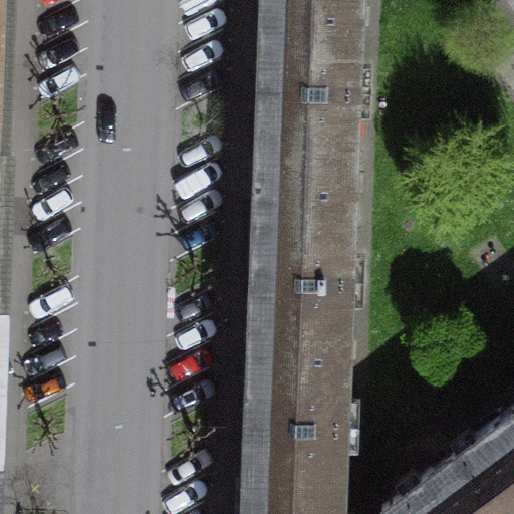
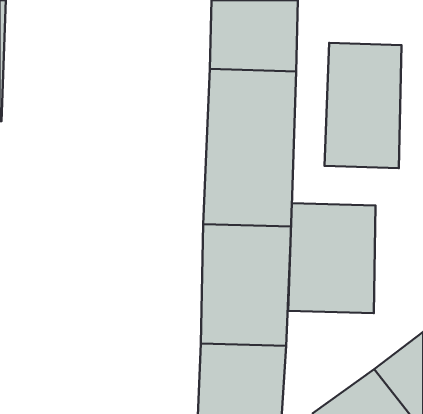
building: none -> [325,43,401,168]
building: none -> [288,203,375,313]

